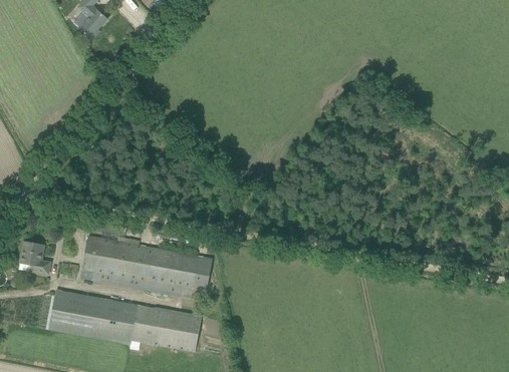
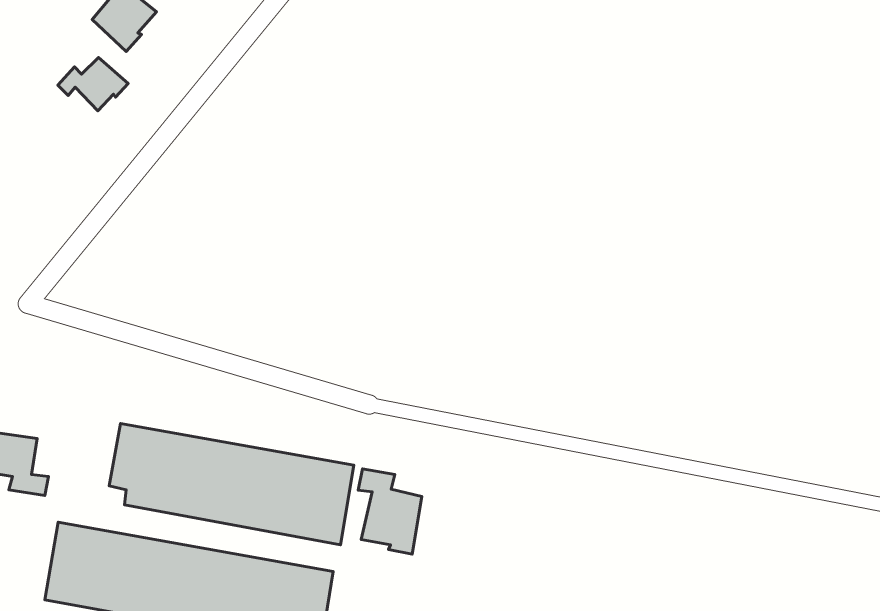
building: none -> [58,57,128,111]
building: none -> [358,469,422,554]

